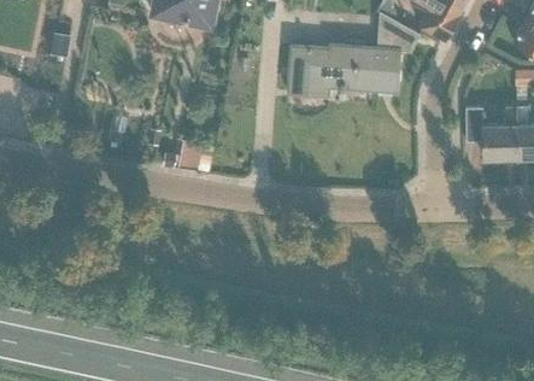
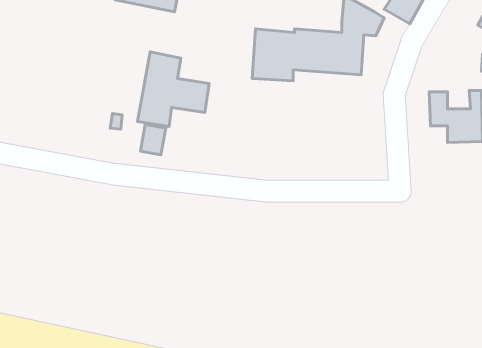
building: none -> [137,52,209,127]

